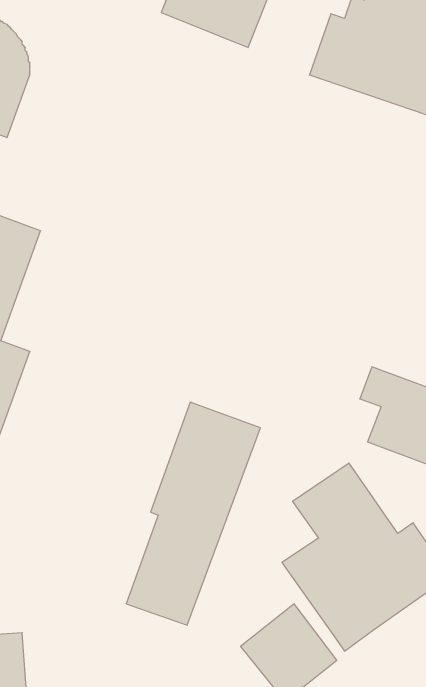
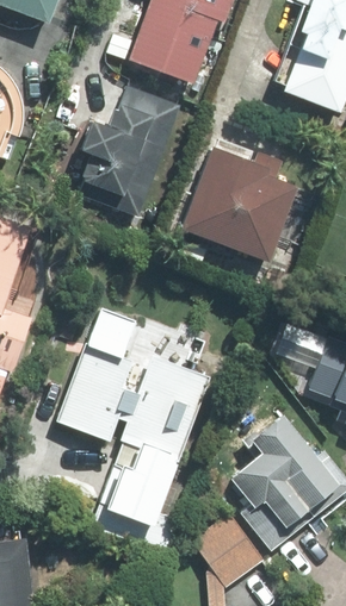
building: none -> [74,81,180,214]
building: none -> [177,151,301,267]
building: none -> [57,308,136,442]

